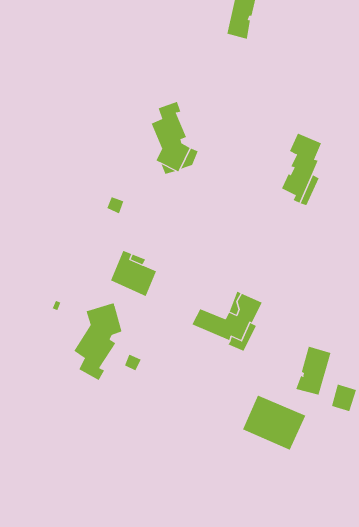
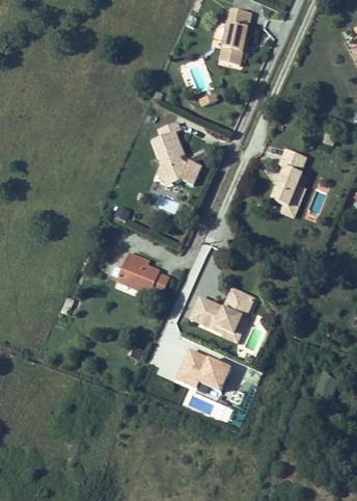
building: [74,302,122,381] -> none
building: [295,346,331,396] -> none
building: [242,395,306,451] -> [174,347,231,397]

